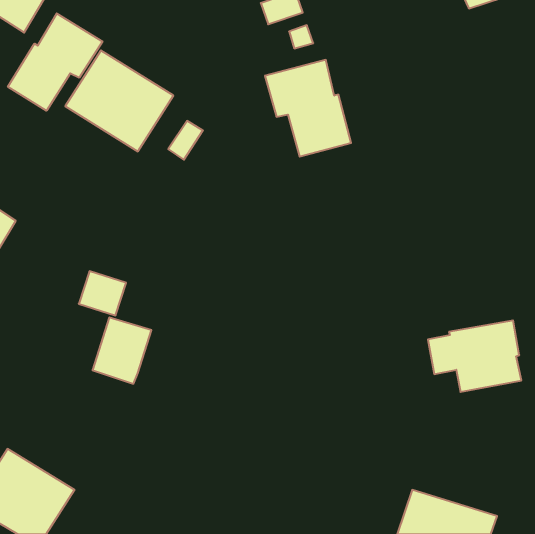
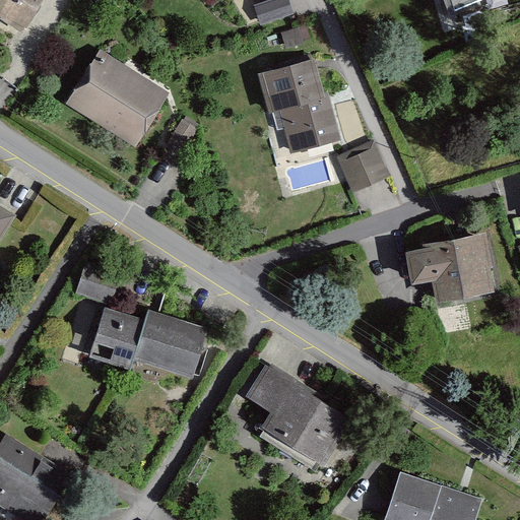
building: [8,13,102,111] -> none
building: none -> [335,137,389,191]
building: [428,320,521,392] -> [403,234,494,303]
building: none -> [133,310,210,380]
building: none -> [243,366,351,467]

